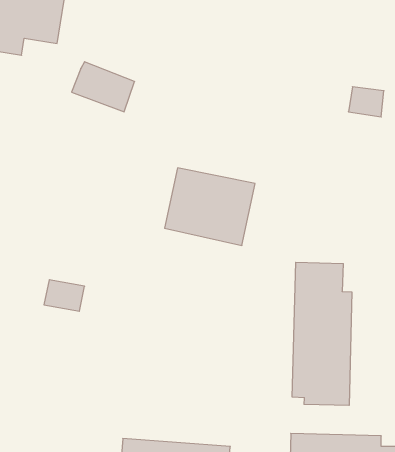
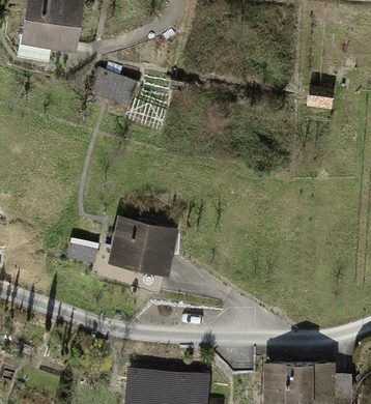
building: [165,168,255,245] -> [107,217,178,278]
building: [292,262,352,405] -> none

